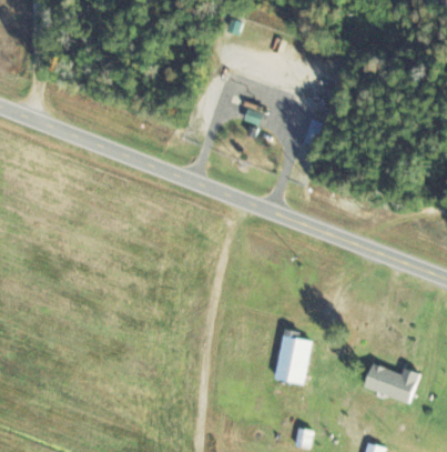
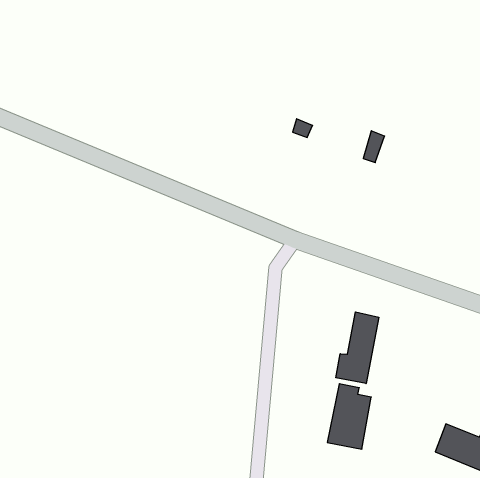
building: none -> [336,312,379,384]

